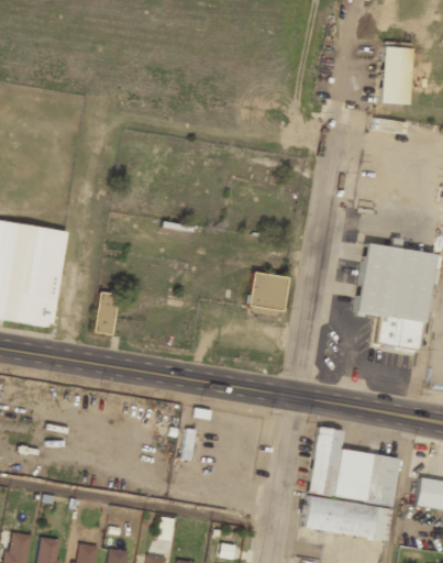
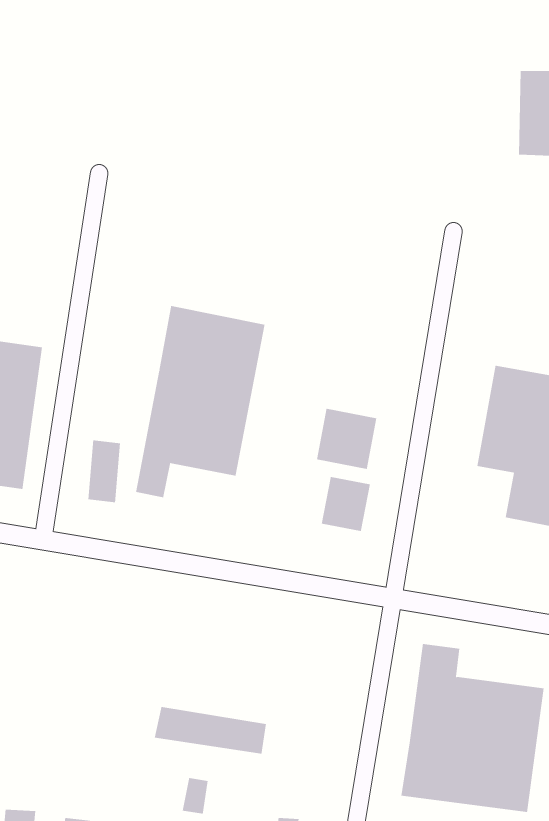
building: none -> [135,305,265,498]
building: none -> [321,476,370,532]
building: none -> [154,706,267,755]

